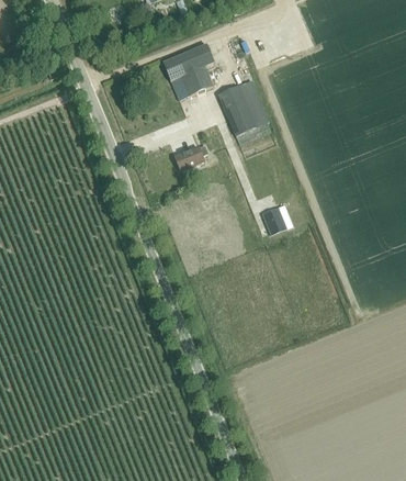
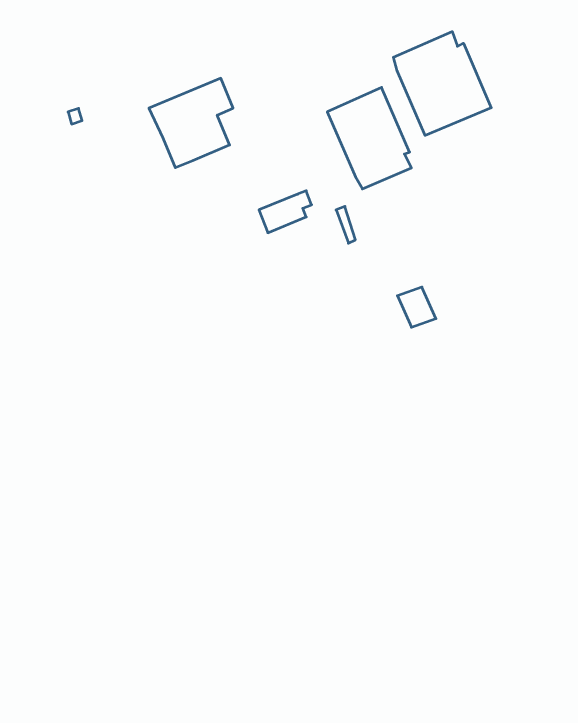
building: [161,43,214,99] -> [149,78,233,168]
building: none -> [393,32,491,135]

